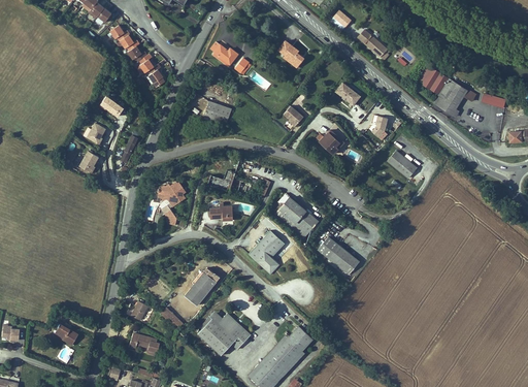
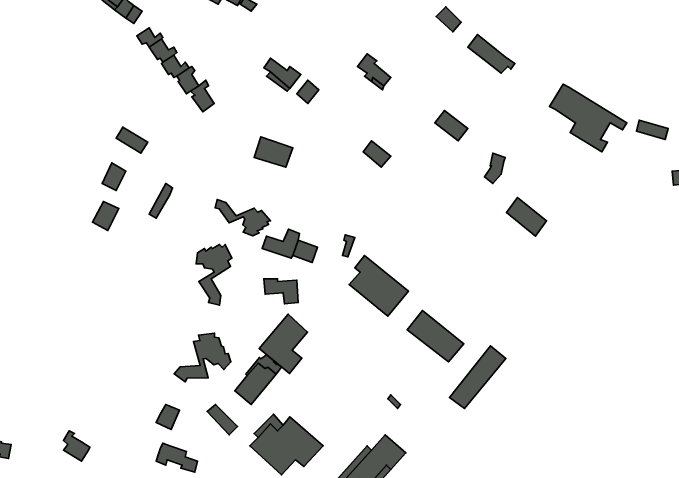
building: [312,127,342,155] -> none
building: none -> [215,199,271,236]
building: [248,231,284,276] -> [259,314,307,373]
building: none -> [174,333,231,382]
building: none -> [449,346,506,409]

